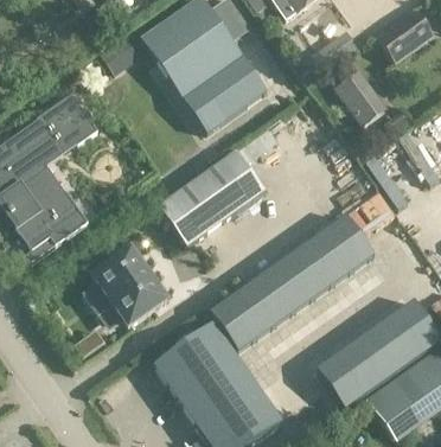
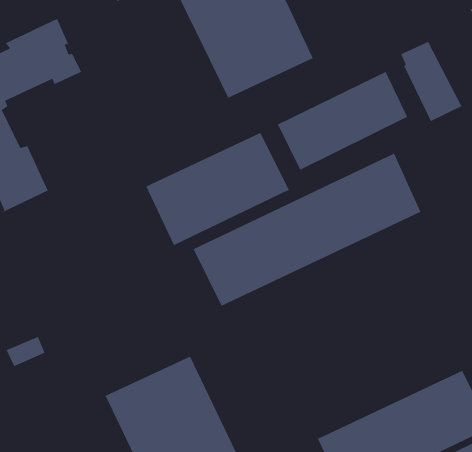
building: none -> [277,71,408,171]
building: [209,216,372,351] -> [192,153,422,307]
building: [83,248,166,326] -> none

